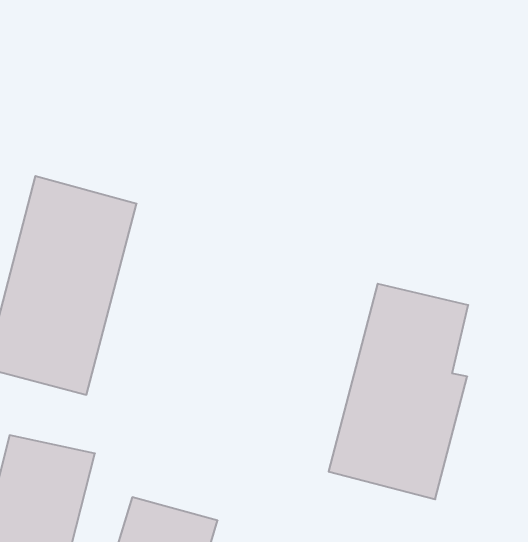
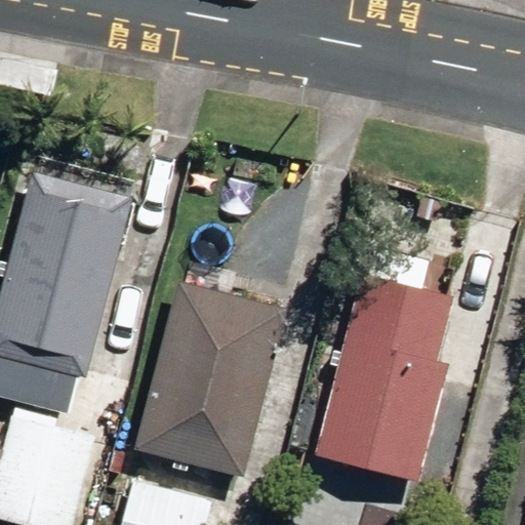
building: none -> [136,280,288,477]

